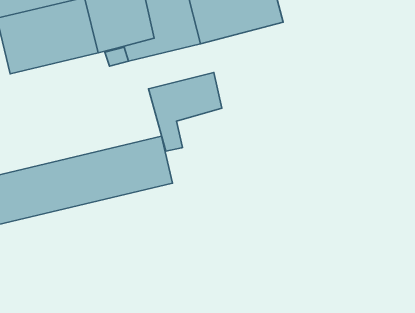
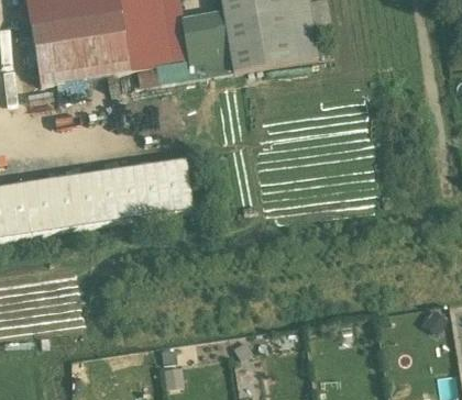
building: [149,72,222,151] -> none

